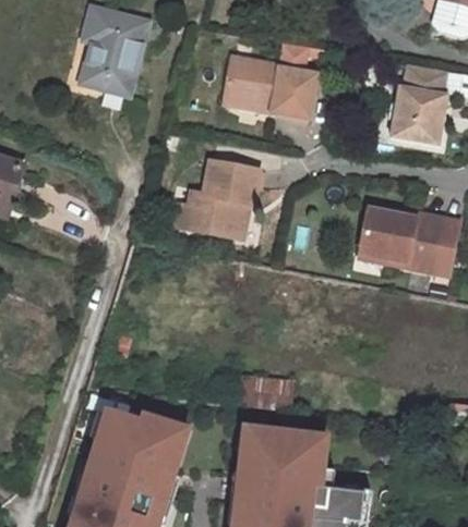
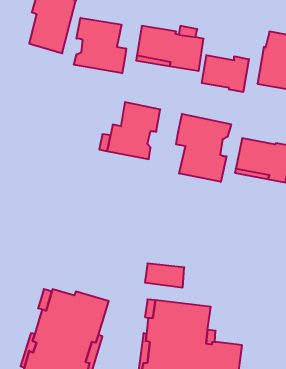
building: none -> [74,18,126,73]
building: none -> [202,55,249,92]
building: none -> [176,114,231,182]

